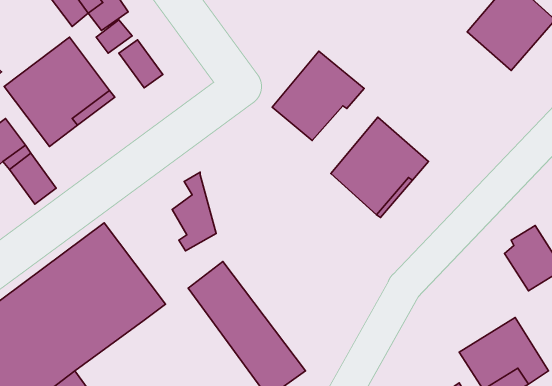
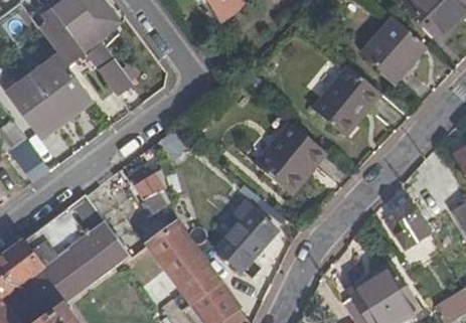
building: [272,51,364,141] -> [315,61,384,129]
building: none -> [217,202,280,268]

